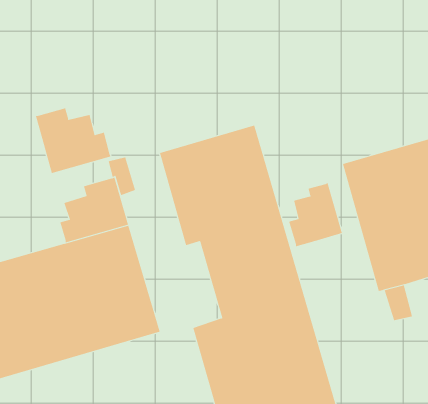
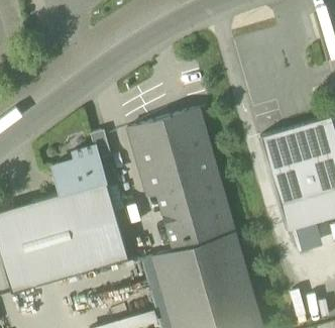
building: [35,108,111,174] -> none
building: [289,182,343,247] -> none

